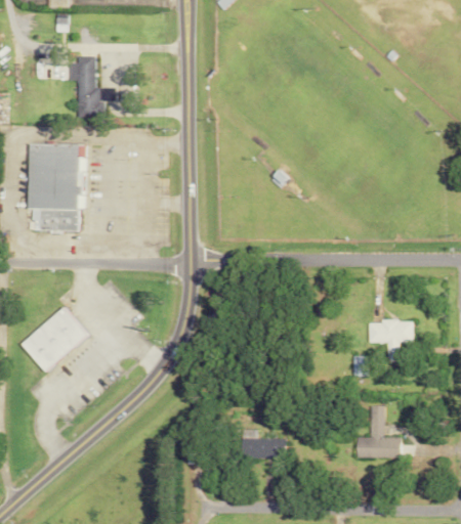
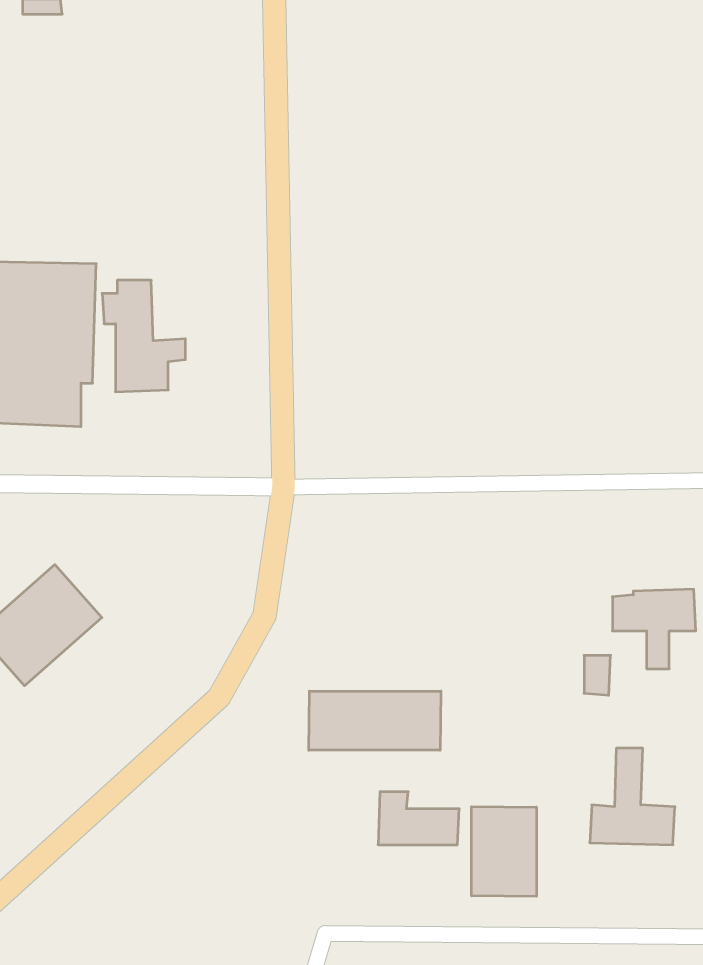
building: [68,56,113,117] -> [102,280,185,392]
building: none -> [309,691,441,750]
building: none -> [472,807,536,896]

